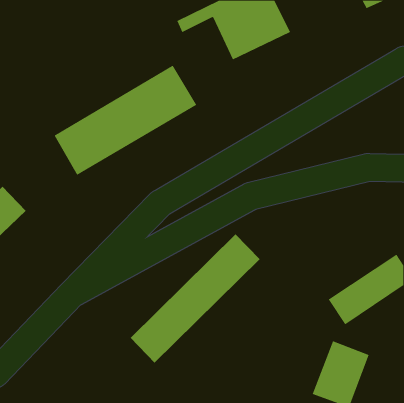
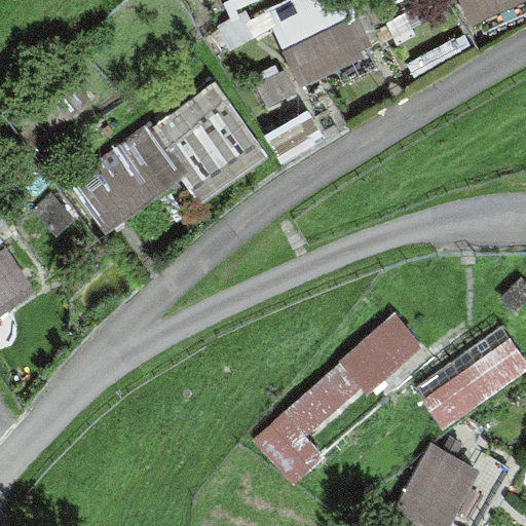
building: [130,234,260,363] -> [254,311,421,478]

